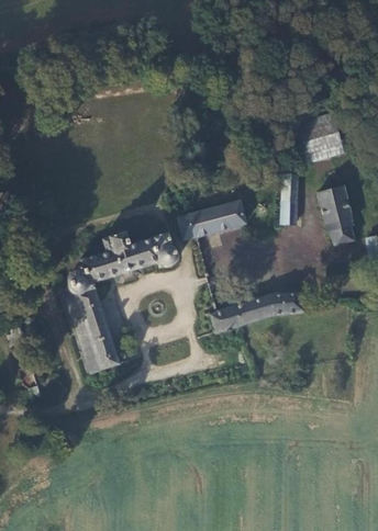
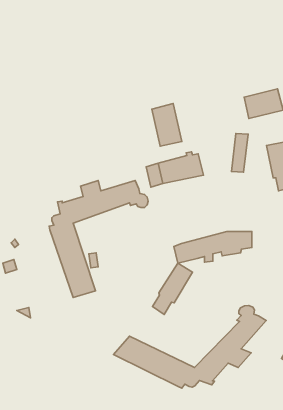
building: none -> [152,104,182,146]
building: none -> [152,263,193,314]
building: none -> [113,306,266,388]

